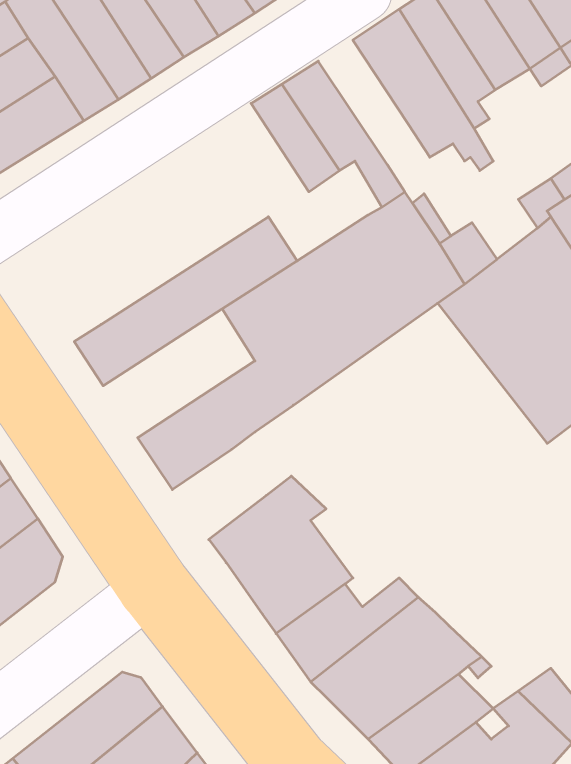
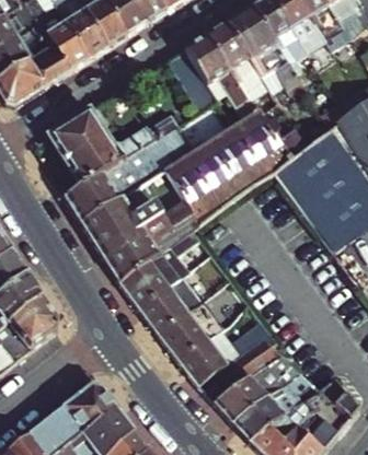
building: none -> [204,23,255,94]
building: none -> [47,108,183,185]
building: none -> [81,176,168,249]
building: none -> [120,256,174,307]

